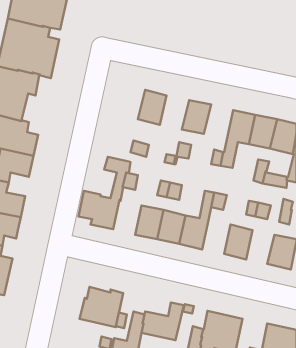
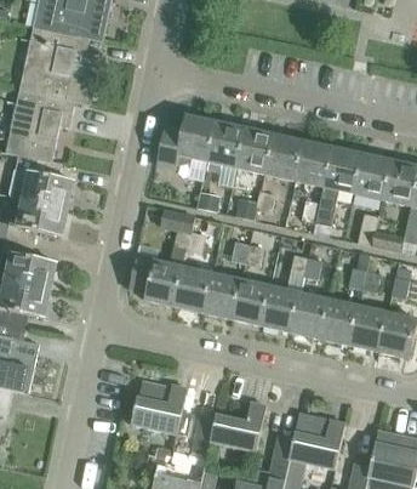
building: none -> [155,114,216,167]
building: none -> [235,127,274,172]
building: none -> [293,140,332,186]
building: none -> [173,266,211,312]
building: none -> [291,292,329,337]
building: none -> [349,306,387,351]

